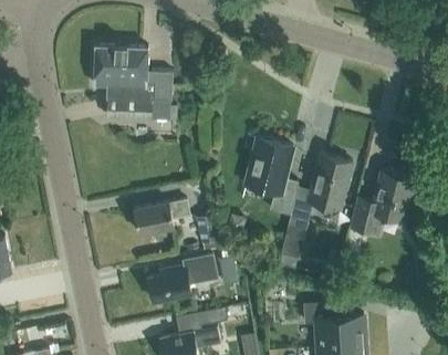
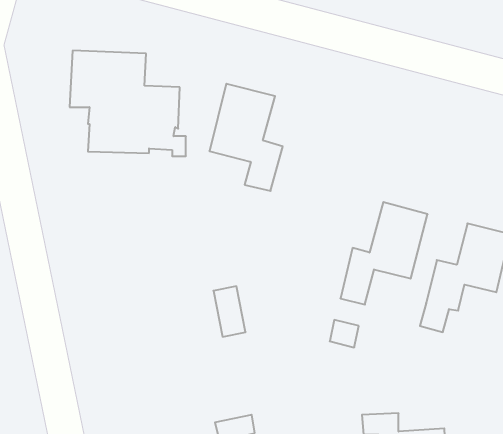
building: [243,137,296,215] -> [209,84,283,191]
building: [133,201,188,236] -> none
building: [147,262,208,303] -> none

